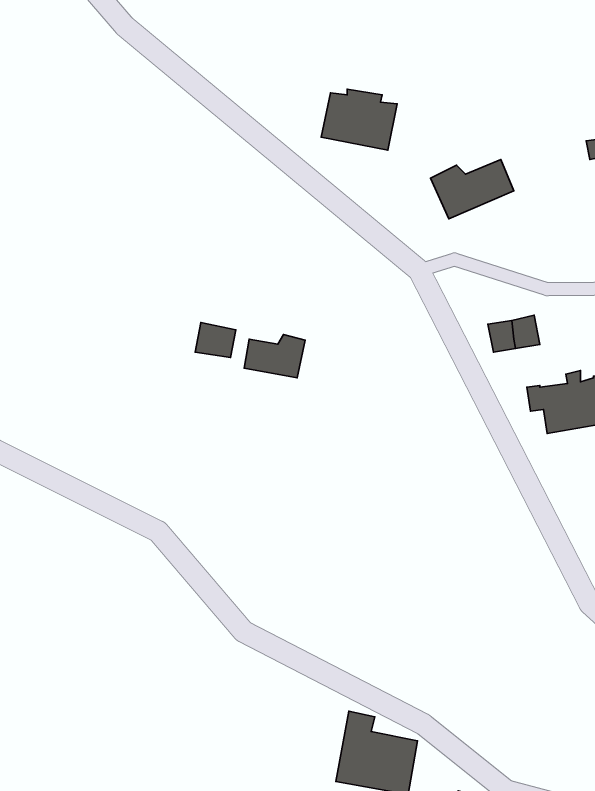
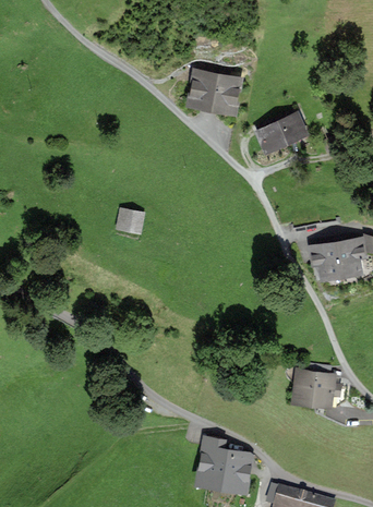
building: [244,335,305,378] -> none
building: none -> [299,365,340,402]

